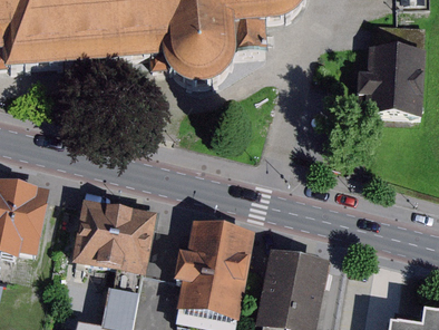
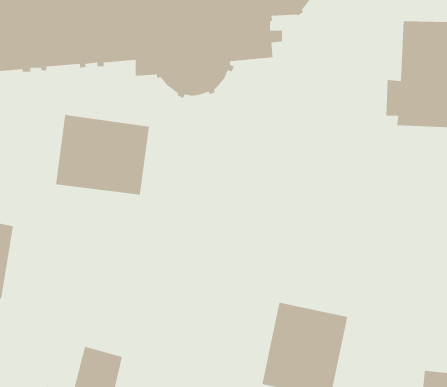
building: [74,210,153,278] -> [55,114,150,196]
building: [168,230,254,320] -> none

